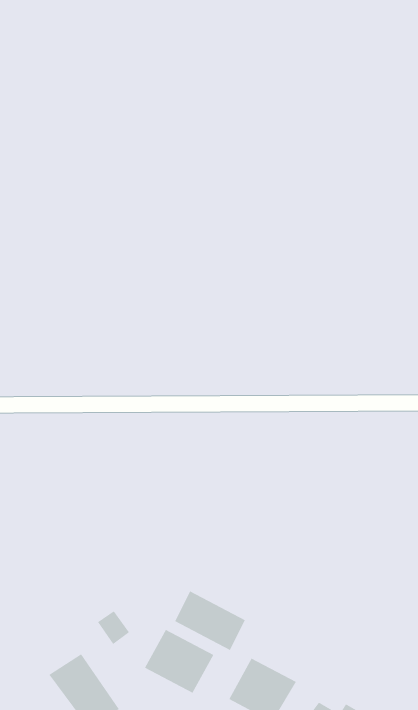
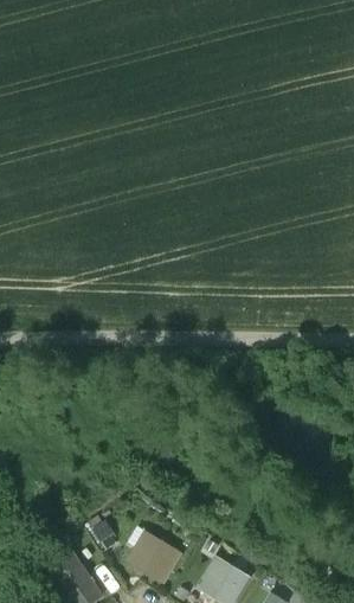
building: [175,591,245,651] -> none

